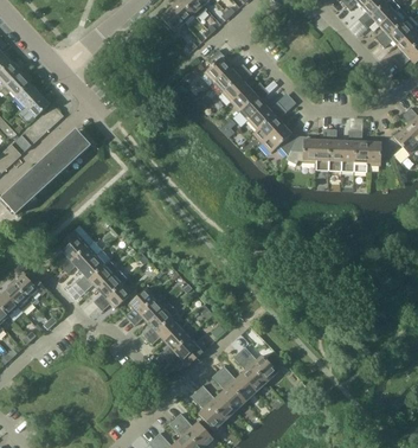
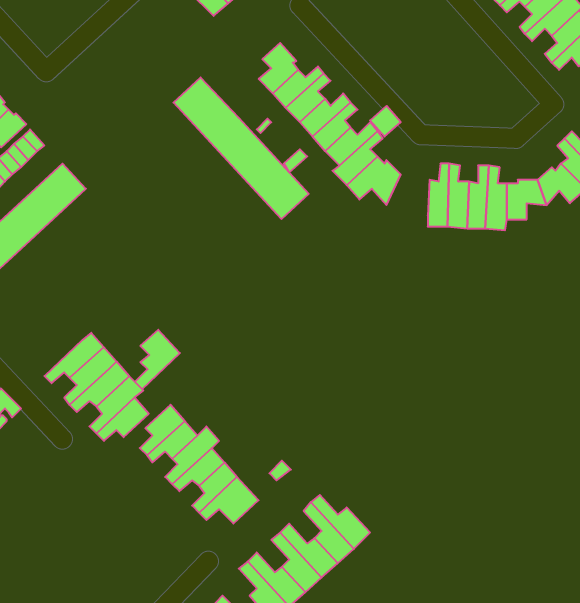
building: none -> [173,77,309,219]
building: [285,136,315,165] -> none
building: [57,230,86,269] -> [135,330,180,389]

